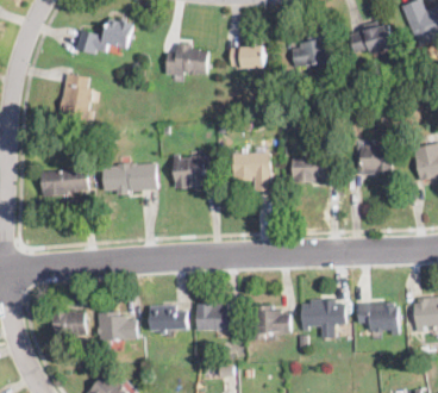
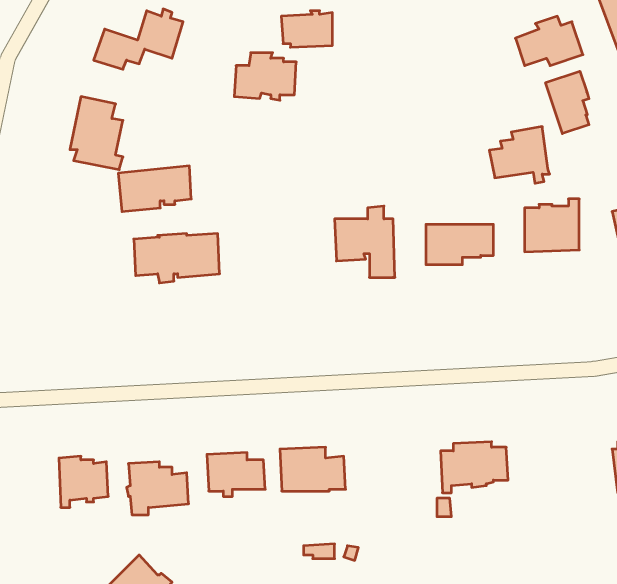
building: [292,35,331,71] -> [489,127,550,183]
building: [230,45,263,69] -> [281,11,332,47]
building: none -> [546,71,589,134]
building: [173,155,209,188] -> none
building: [40,168,88,198] -> [118,166,191,212]
building: [358,302,399,336] -> none
building: [250,305,289,339] -> none

